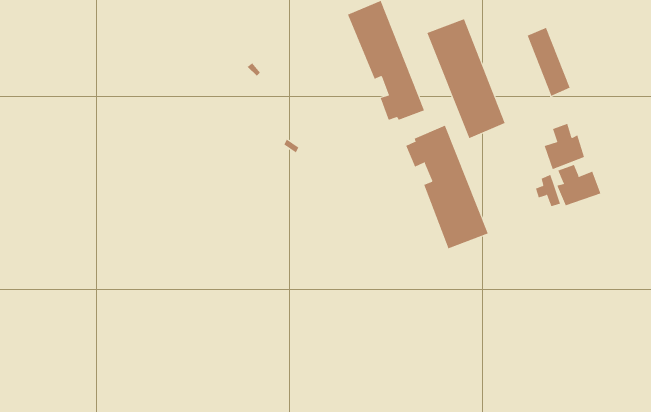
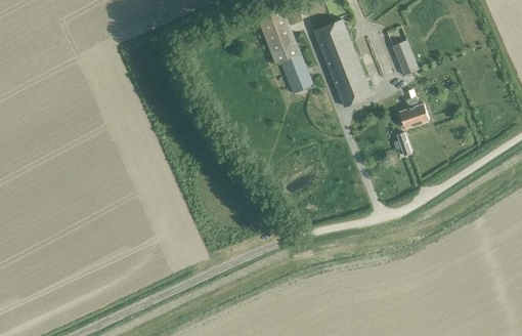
building: [405,125,489,249] -> none
building: [557,164,601,206] -> none

